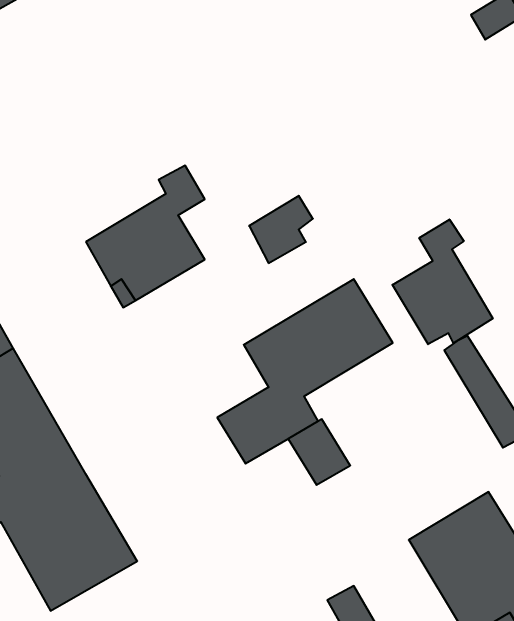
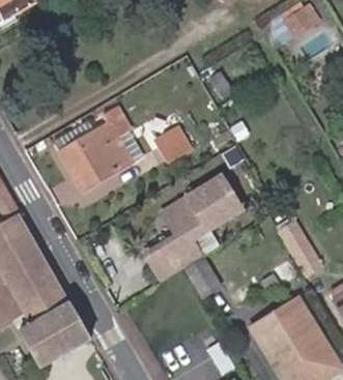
building: [392,219,493,344] -> none

